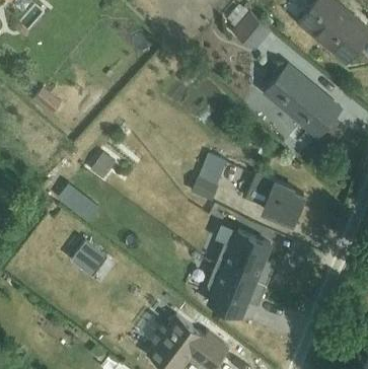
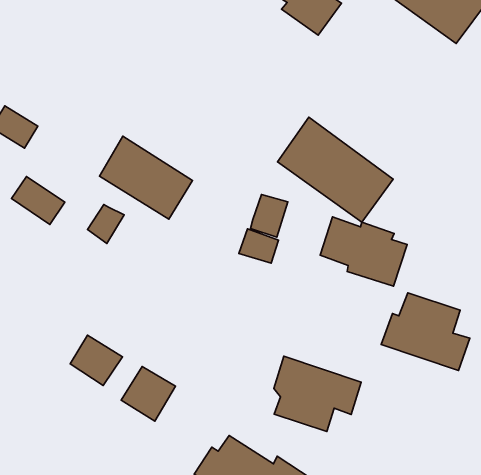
building: [264,63,341,136] -> [277,117,393,222]
building: none -> [99,136,193,219]
building: [64,187,99,220] -> [12,176,65,225]
building: [216,230,276,285] -> [381,293,470,371]
building: none -> [121,367,175,421]

